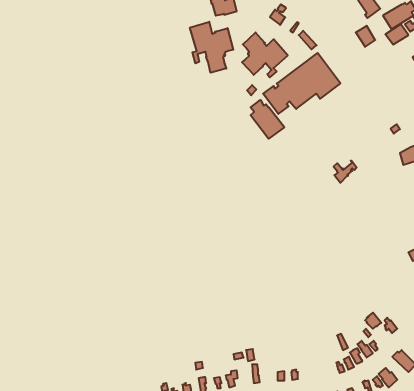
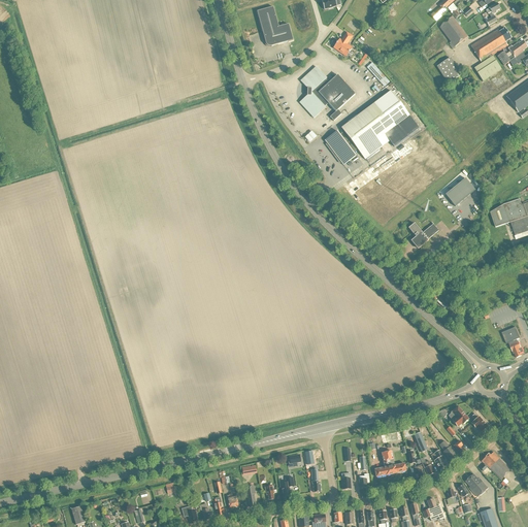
building: [190,22,233,73] -> none
building: [251,100,284,139] -> none
building: none -> [446,177,475,205]
building: none -> [374,449,406,475]

